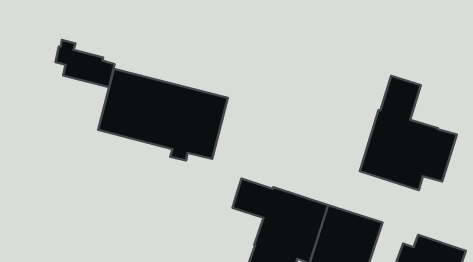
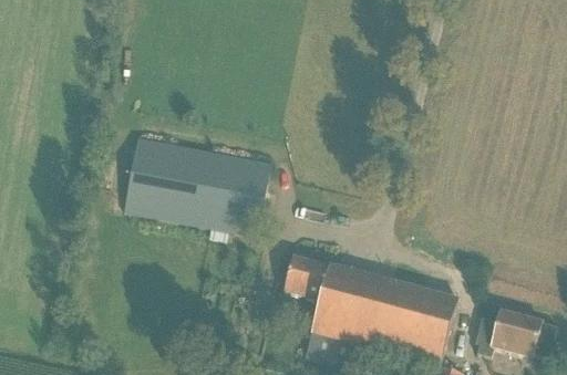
building: [56,40,115,87] -> none
building: [360,76,457,190] -> none

